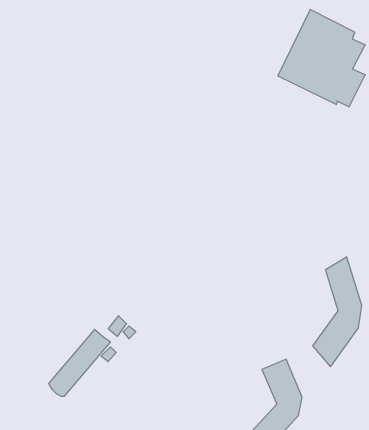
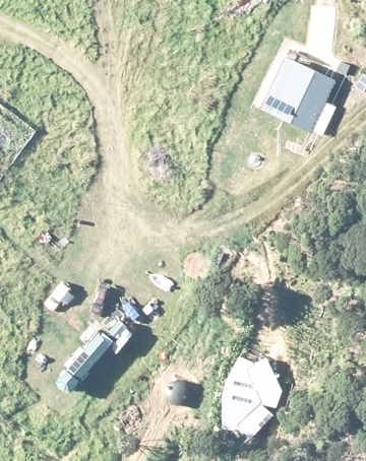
building: [313,257,361,367] -> none

